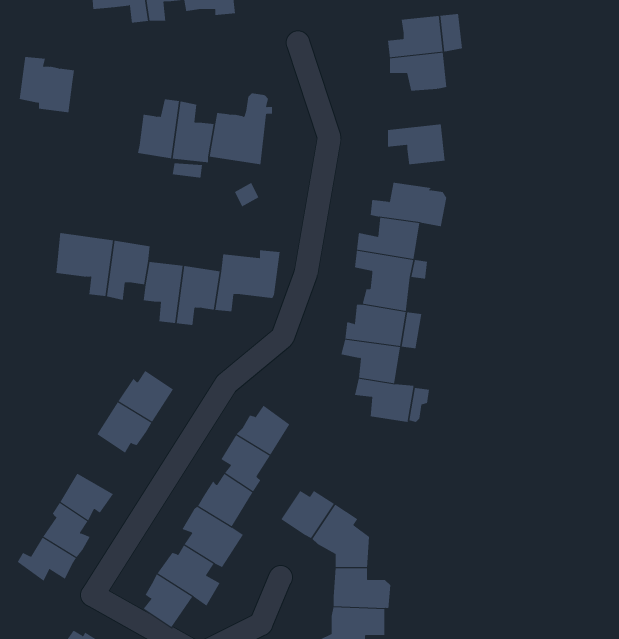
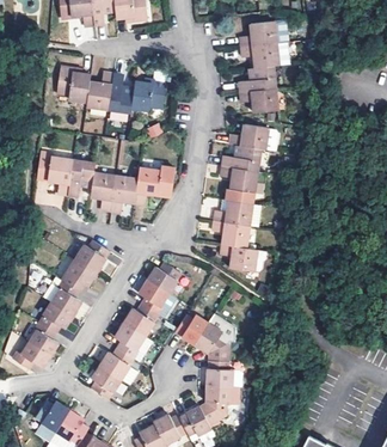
building: [19,57,75,113] -> [56,67,91,102]
building: none -> [238,67,274,92]
building: none -> [49,280,80,317]

